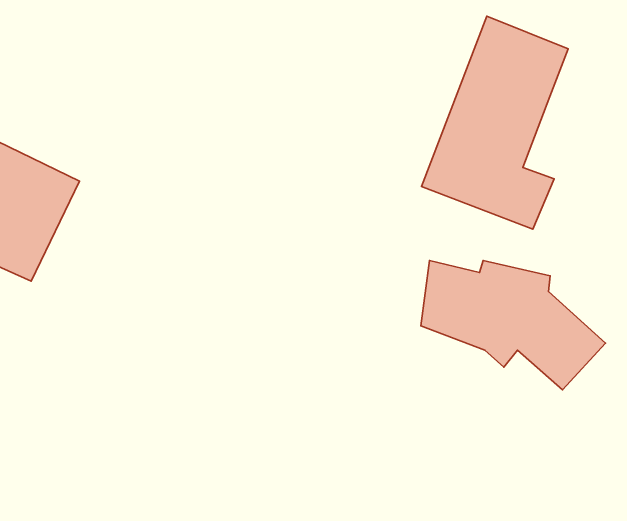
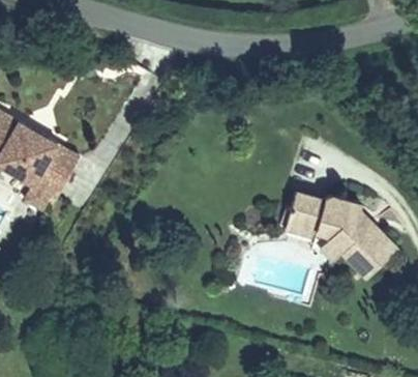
building: [422,16,568,229] -> none

